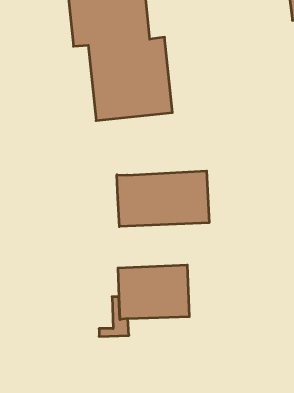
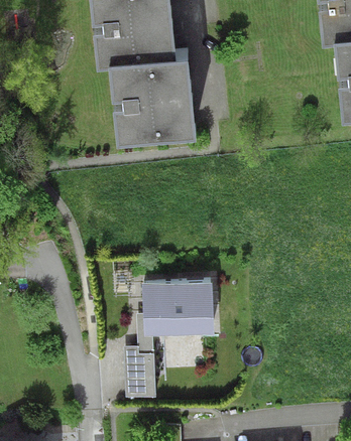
building: [117,171,209,227] -> none
building: none -> [123,354,155,400]

